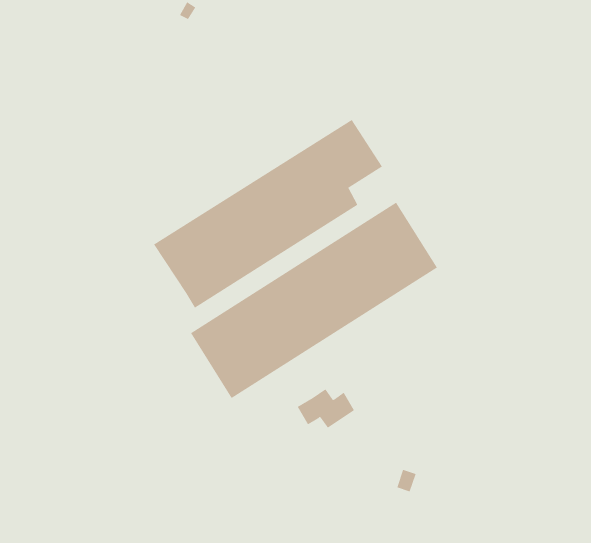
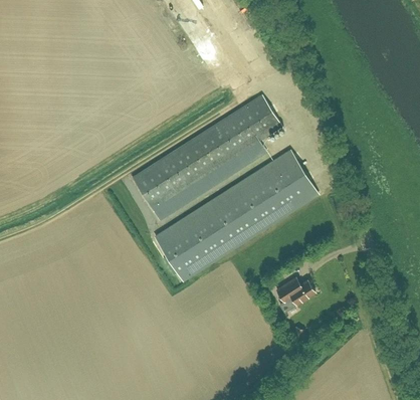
building: [297,389,355,428] -> [276,276,314,303]

